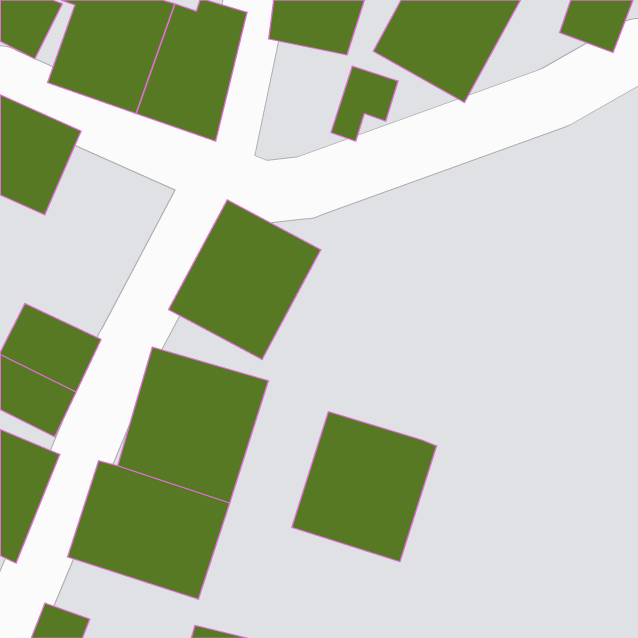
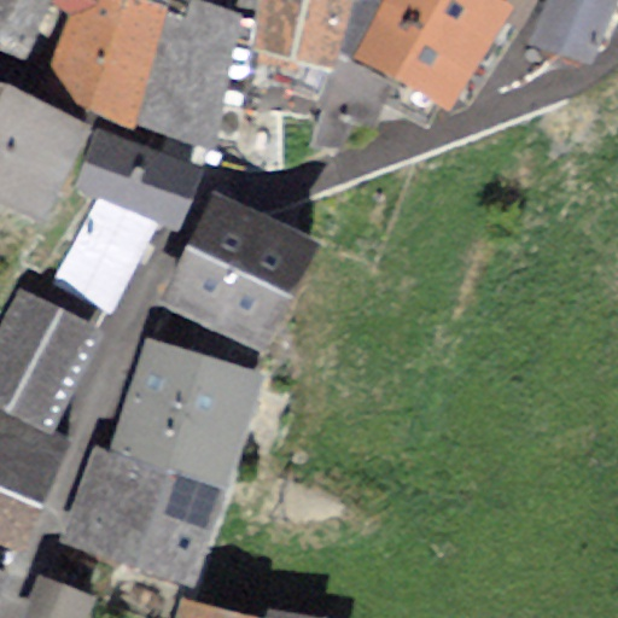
building: none -> [52,128,190,309]
building: [292,412,437,562] -> none

